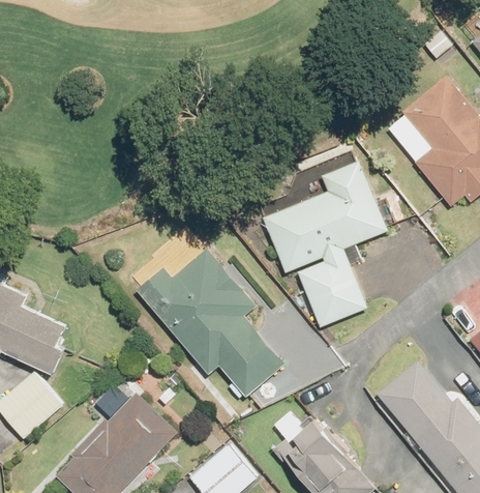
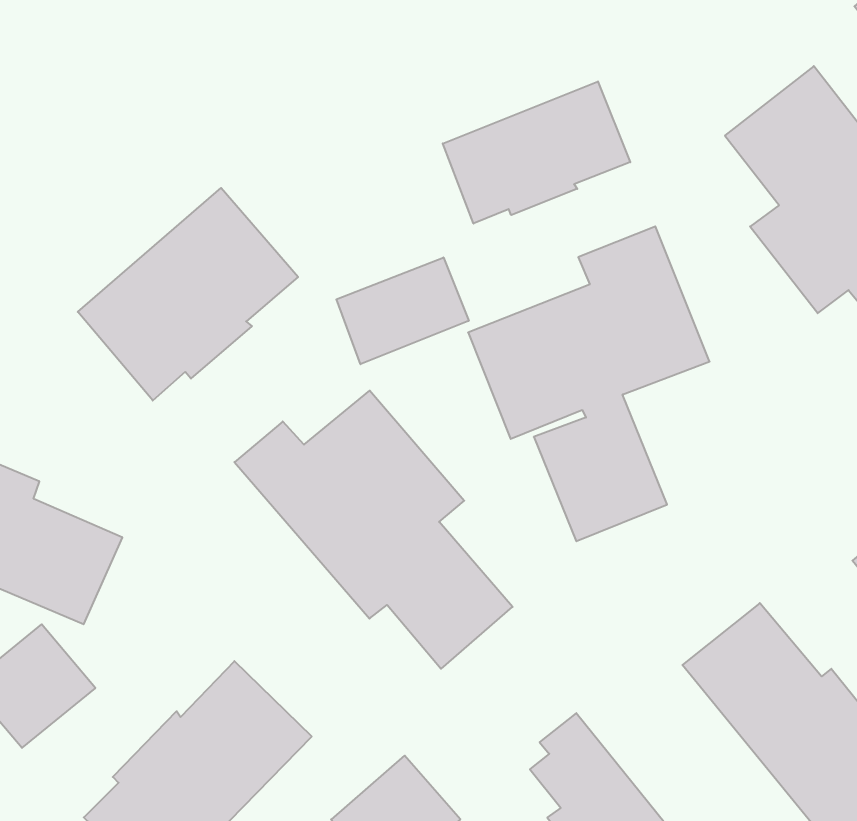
building: none -> [443,81,630,224]
building: none -> [78,188,298,401]
building: none -> [336,257,469,364]

